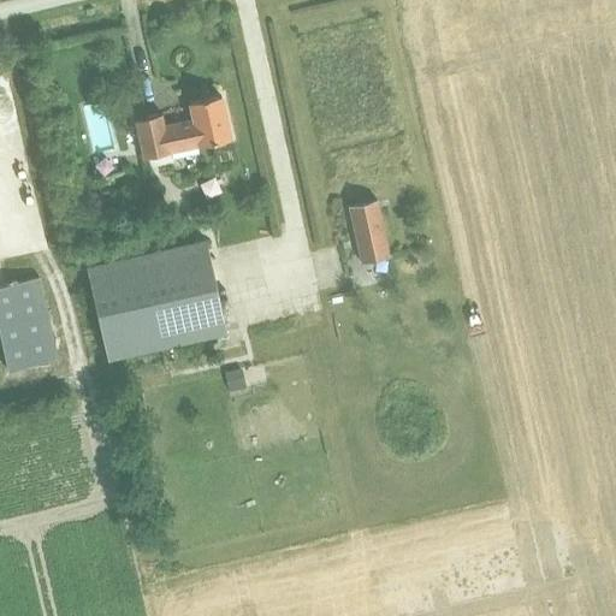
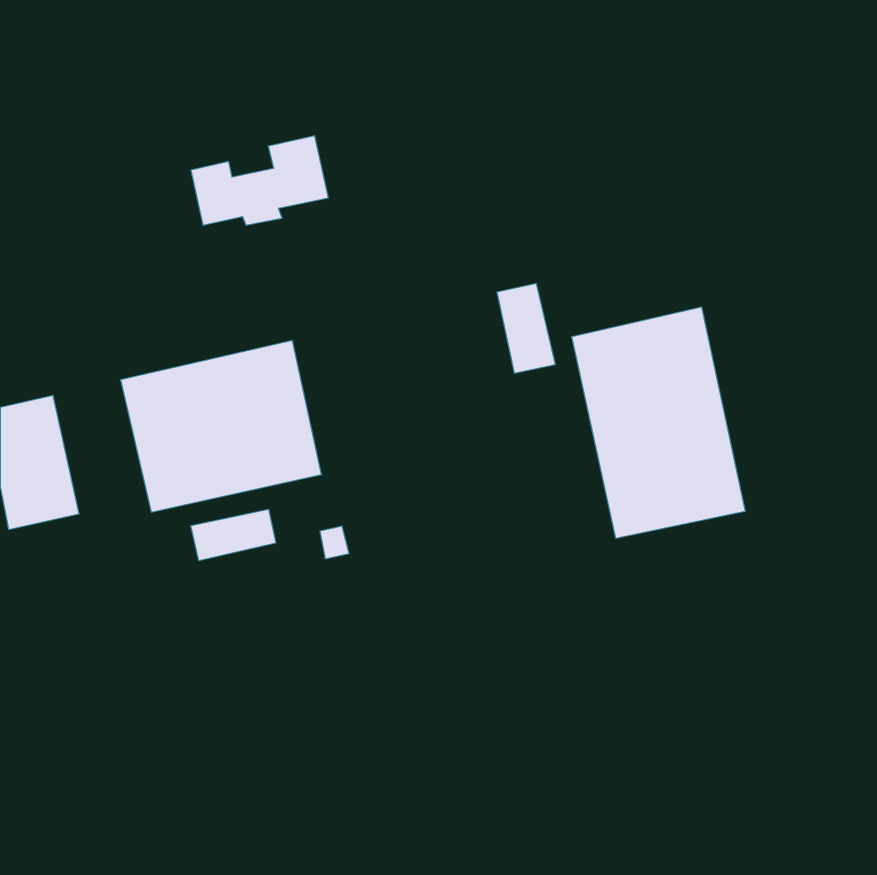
building: none -> [572,307,745,538]
building: none -> [191,509,276,561]

